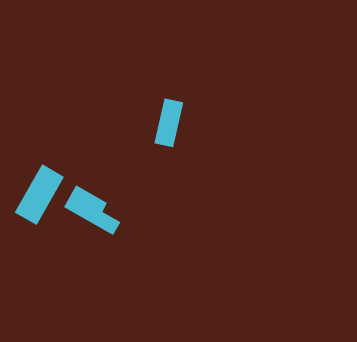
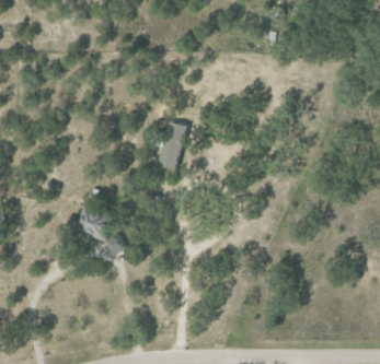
building: [14,163,65,226] -> none

